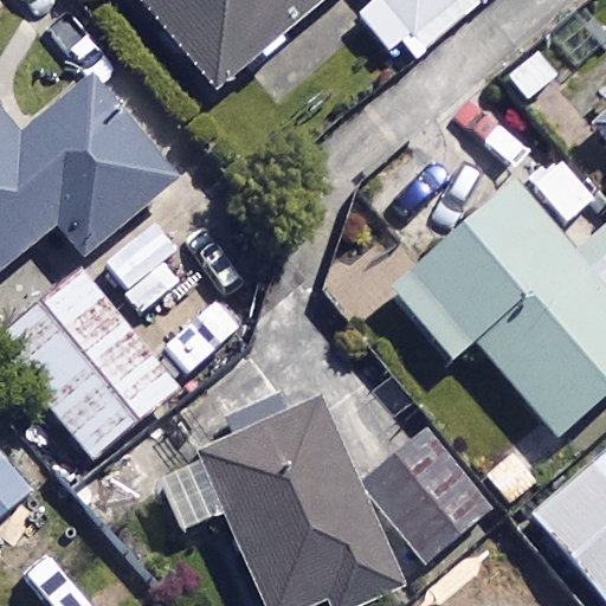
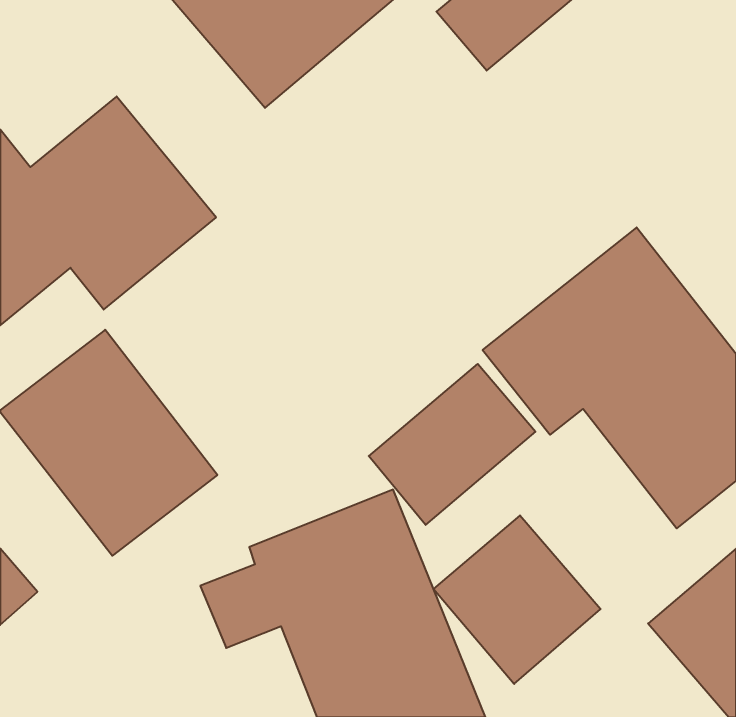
building: none -> [369,364,535,525]

